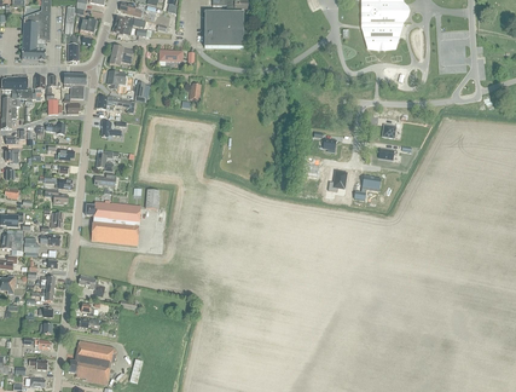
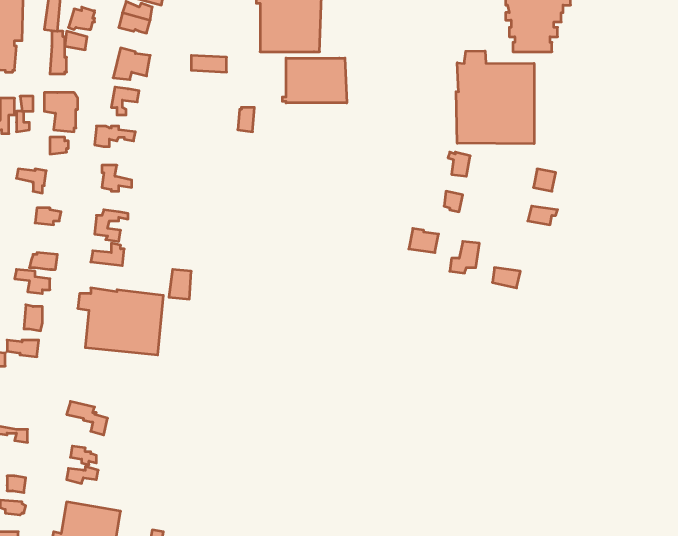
building: none -> [456,51,534,144]
building: none -> [282,58,347,103]

